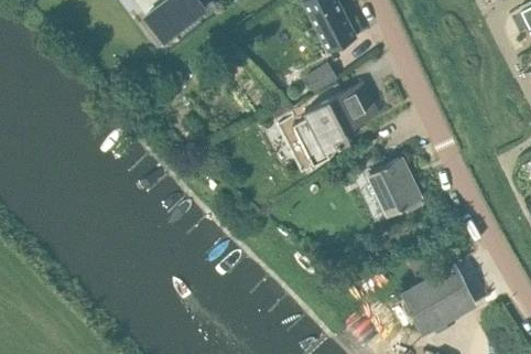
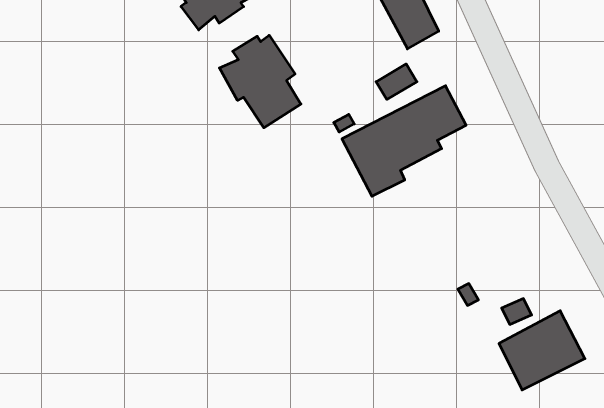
building: none -> [219,35,301,128]
building: [368,158,420,214] -> none

